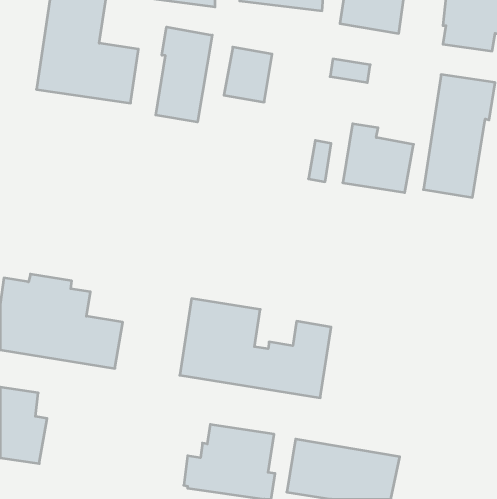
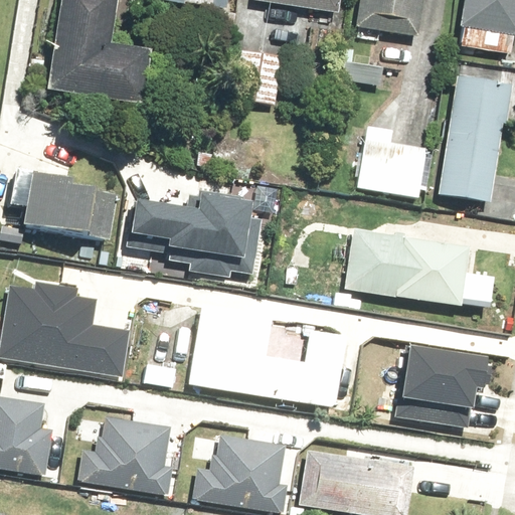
building: [156,27,212,122] -> none
building: none -> [10,169,116,240]
building: none -> [132,189,264,276]
building: none -> [344,227,469,307]
building: none -> [392,344,491,427]
building: none -> [62,415,173,495]

